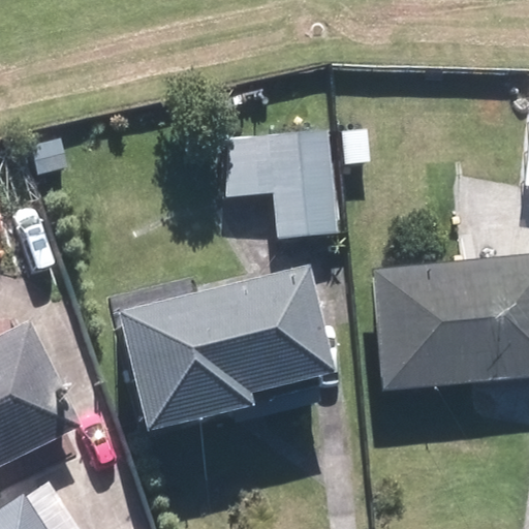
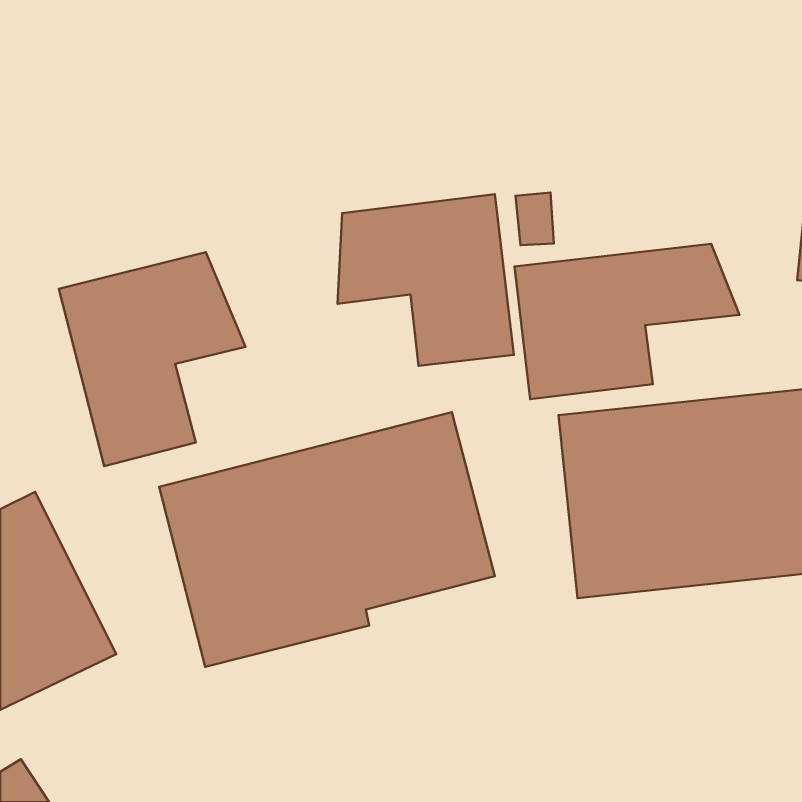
building: none -> [514,244,740,399]
building: none -> [59,252,246,466]

